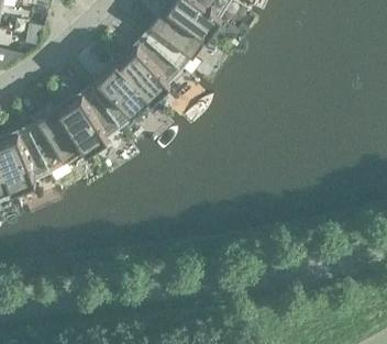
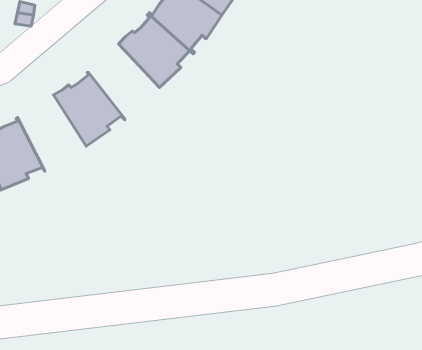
building: [89,63,152,129] -> none
building: [26,108,87,175] -> none

